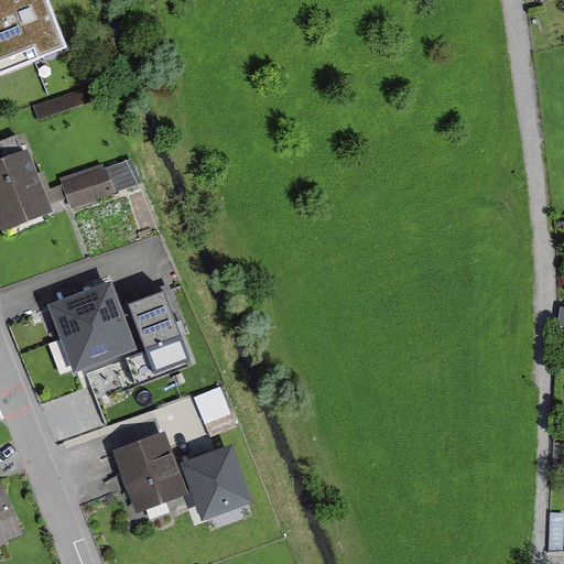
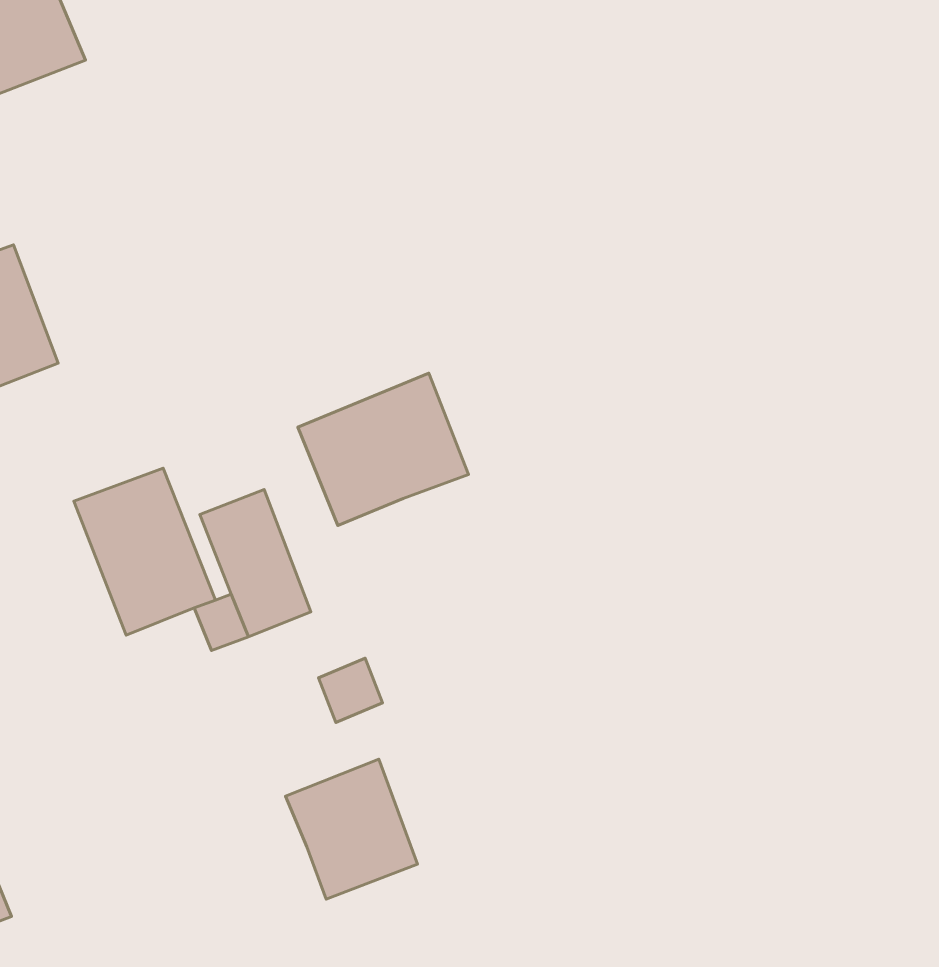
building: [64,163,116,207] -> none
building: none -> [298,373,468,525]
building: [113,431,188,512] -> none

